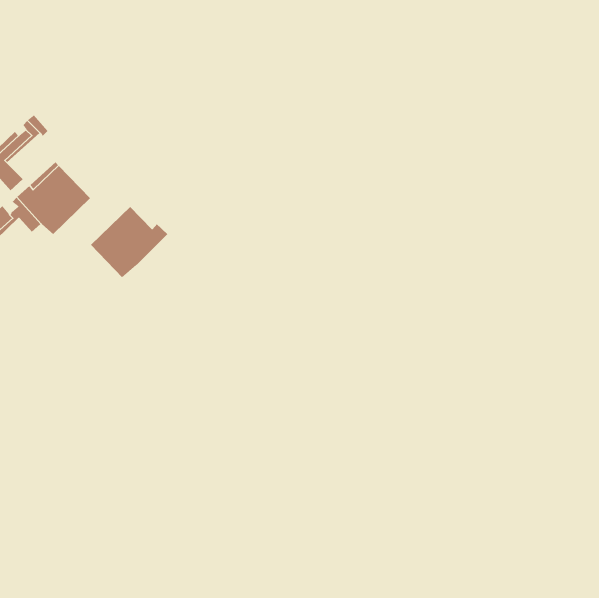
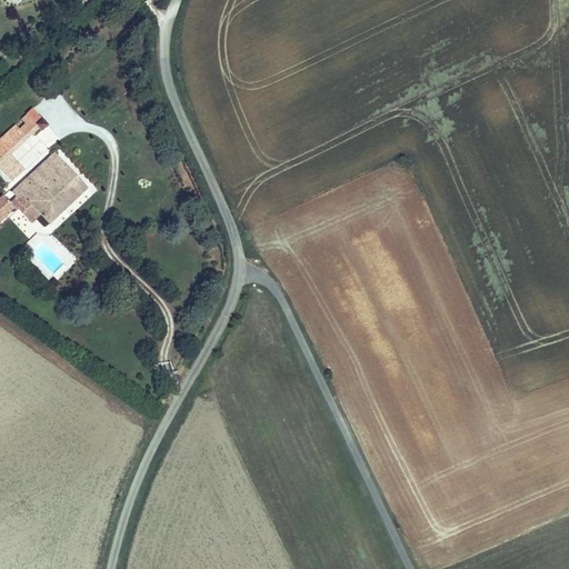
building: [90,206,168,278] -> none

